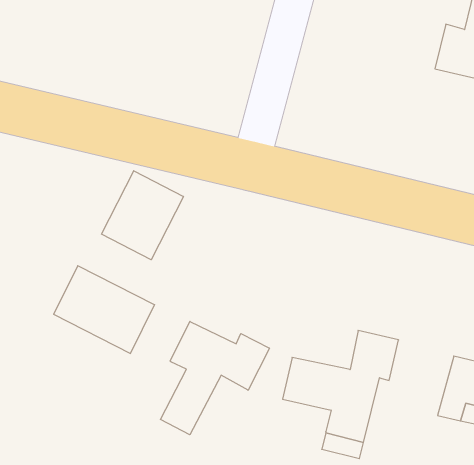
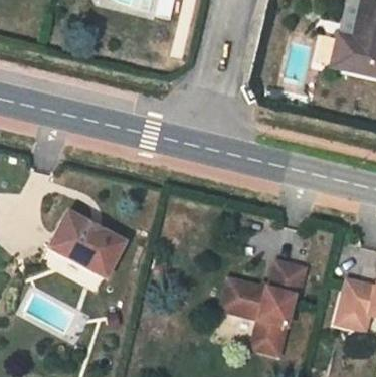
building: [102,171,183,260] -> none
building: [160,321,269,435] -> none

